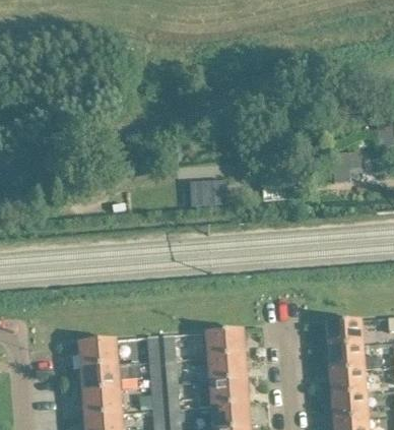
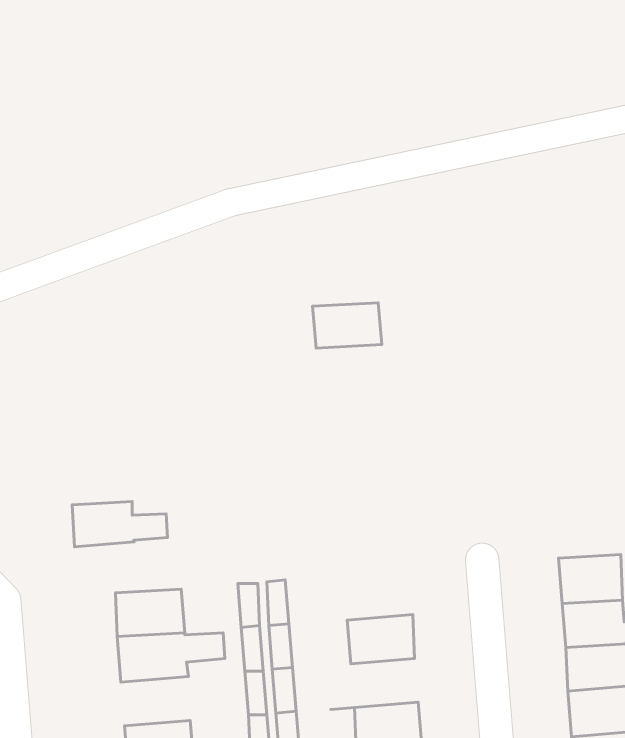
building: none -> [72,502,168,547]
building: [206,330,245,358] -> none
building: [197,379,248,408] -> none
building: [82,389,121,417] -> none

